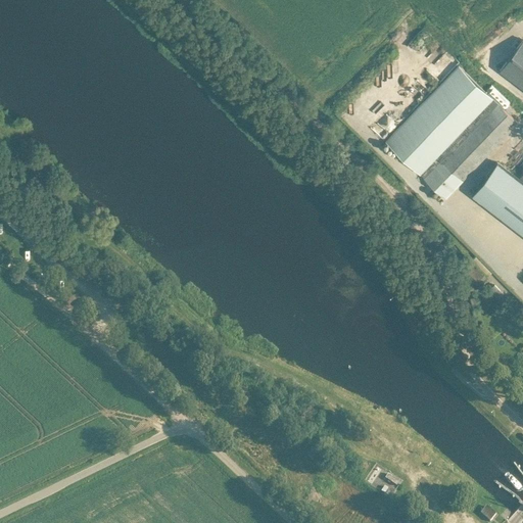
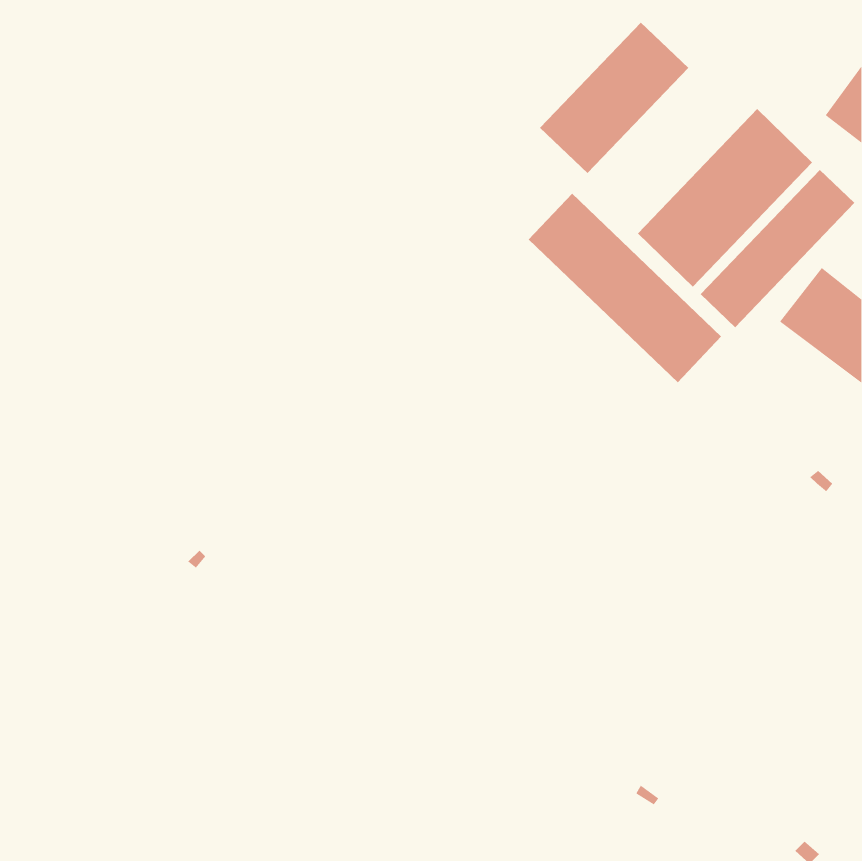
building: none -> [539,22,689,174]
building: none -> [528,193,722,383]

